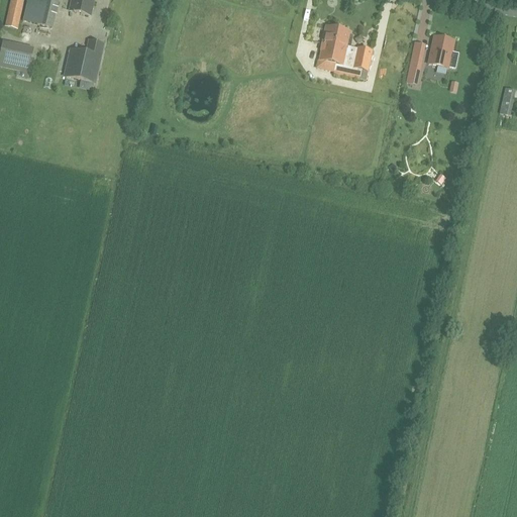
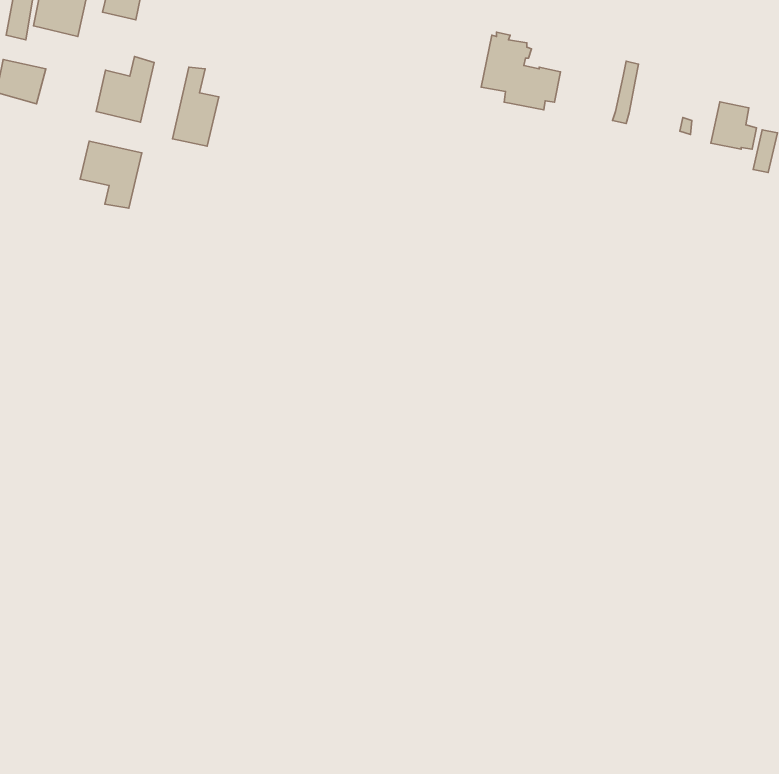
building: [427,34,457,66] -> [711,102,757,149]
building: none -> [172,67,219,146]
building: none -> [80,141,142,208]

